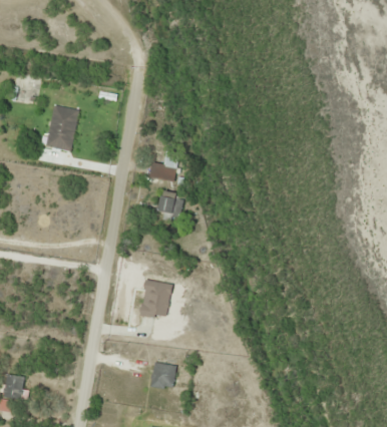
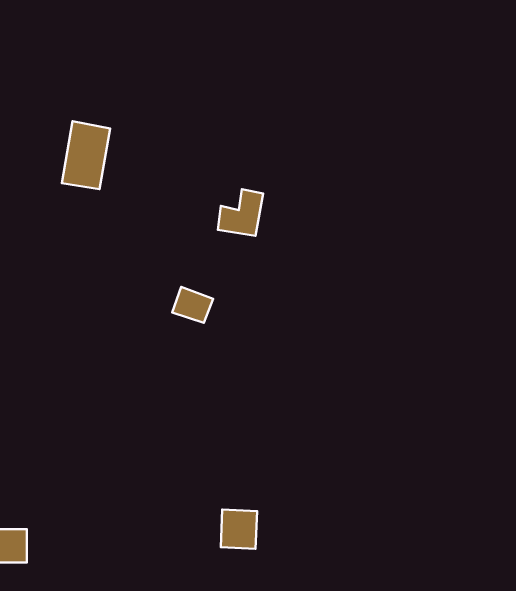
building: [157,192,184,217] -> [172,287,213,323]
building: [140,280,171,318] -> none

